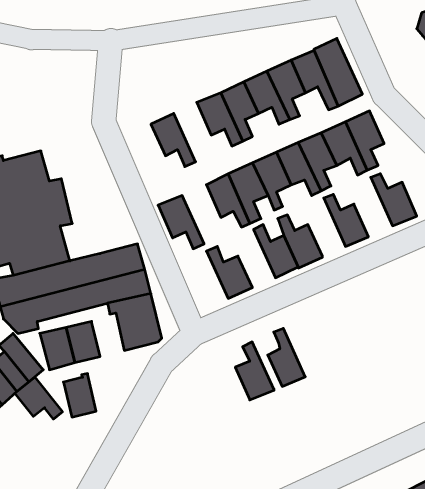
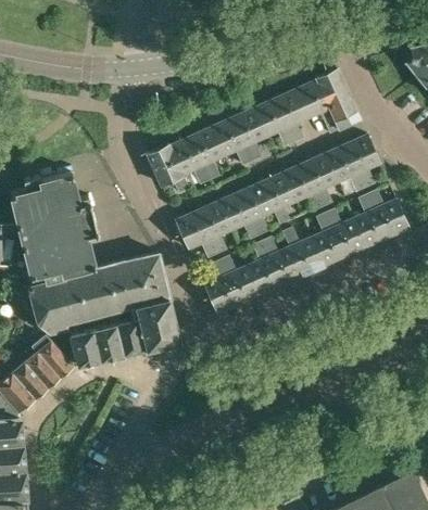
building: none -> [189,127,223,180]
building: none -> [146,144,187,193]
building: none -> [351,194,386,247]
building: none -> [197,201,231,254]
building: none -> [310,213,343,265]
building: [268,328,305,386] -> [247,241,280,293]
building: [235,342,274,400] -> [203,260,238,313]
building: [63,374,96,417] -> [115,316,144,355]
building: [15,377,62,419] -> none

